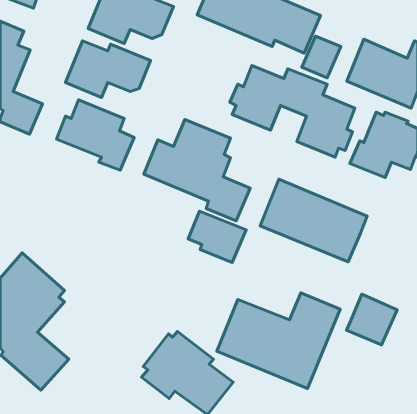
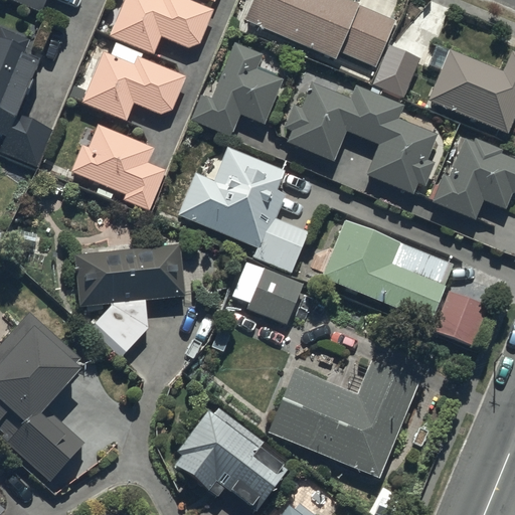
building: none -> [191,41,283,135]
building: none -> [74,243,186,355]
building: [346,294,397,345] -> [425,287,488,349]

